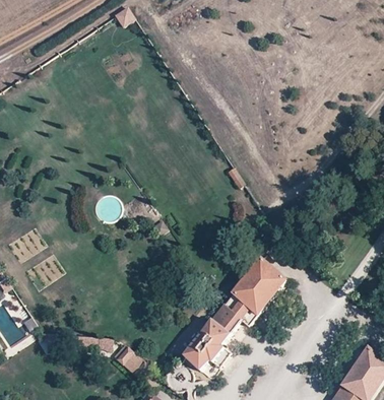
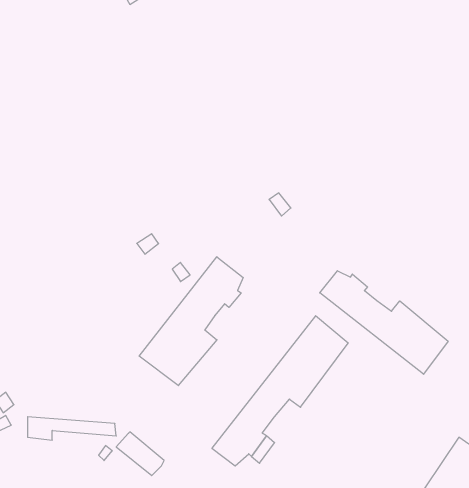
building: none -> [139,257,243,386]
building: none -> [320,271,448,374]

